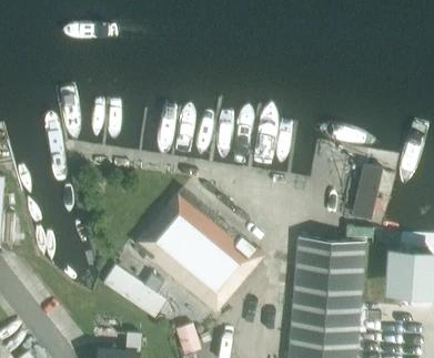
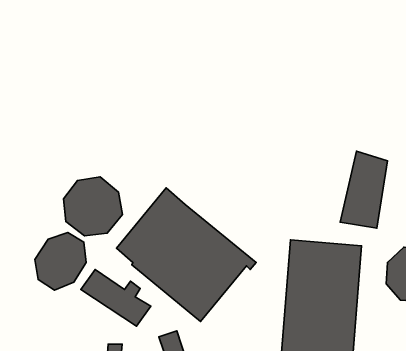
building: none -> [63,177,122,236]
building: none -> [35,233,86,290]

